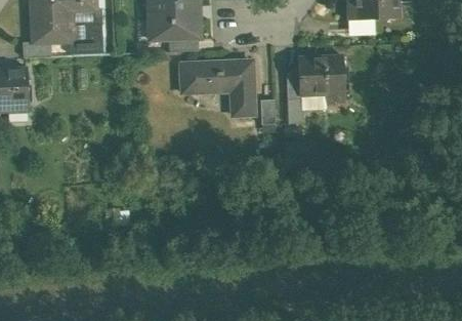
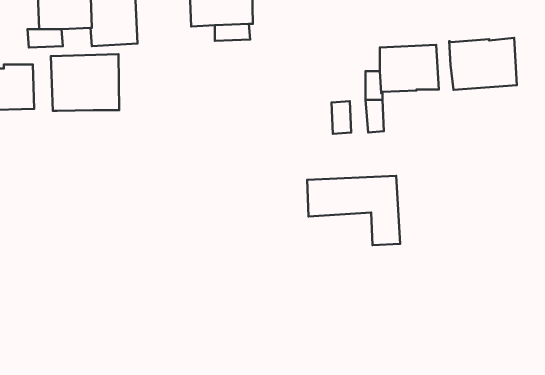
building: none -> [449,38,517,90]
building: [180,62,253,116] -> [307,176,400,245]
building: none -> [51,54,119,111]

